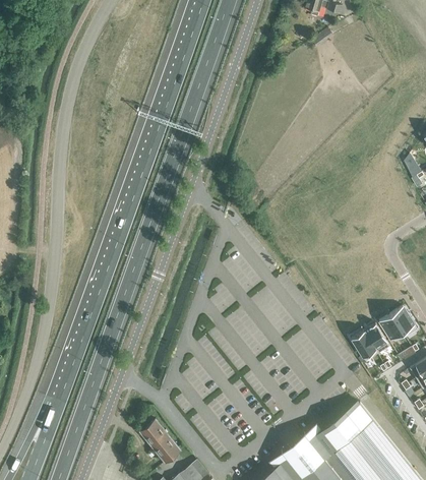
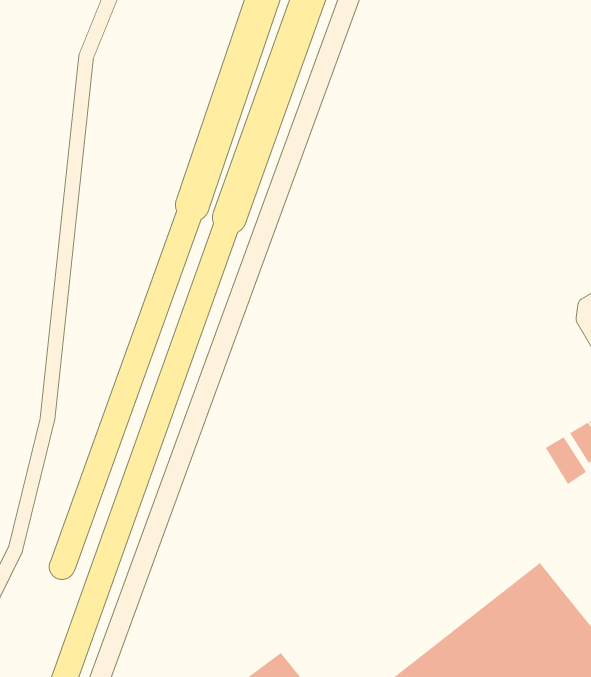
building: [351,331,377,361] -> none
building: [139,420,184,465] -> none

